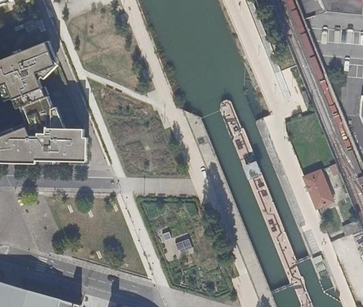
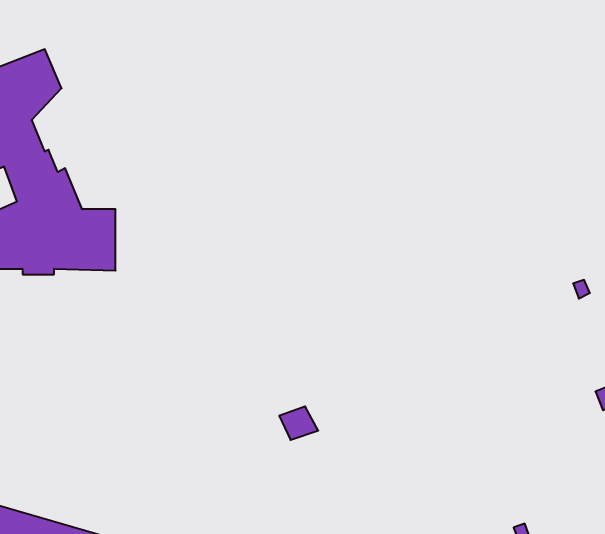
building: [301,171,330,210] -> none

